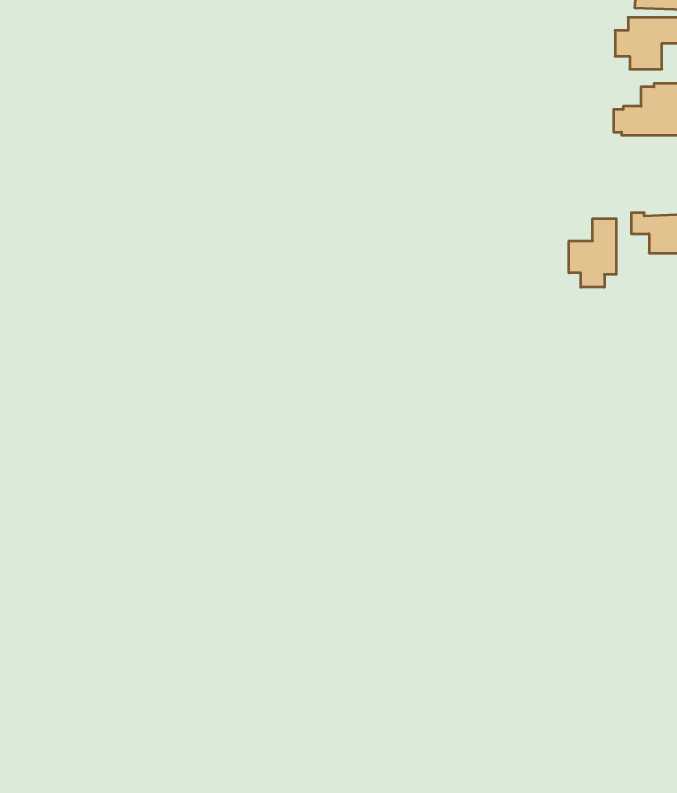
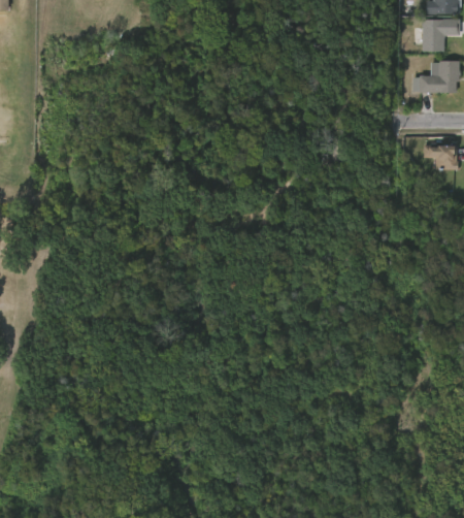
building: [569,219,616,287] -> none

